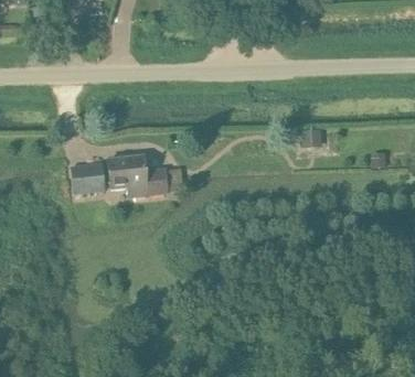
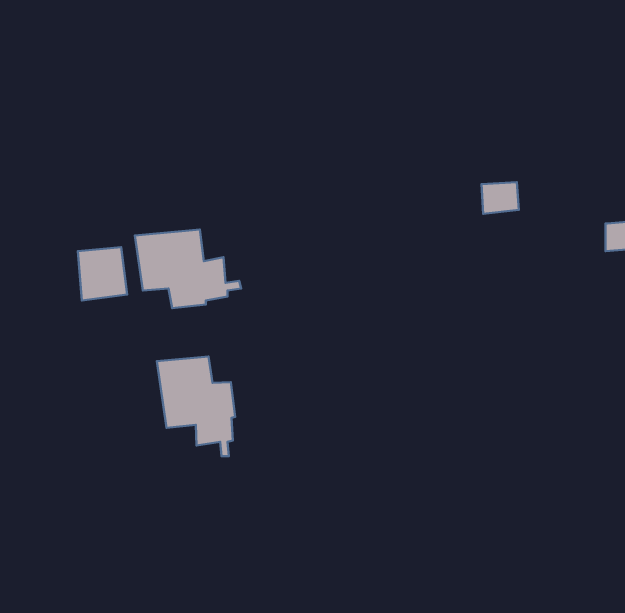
building: none -> [157,356,235,456]

